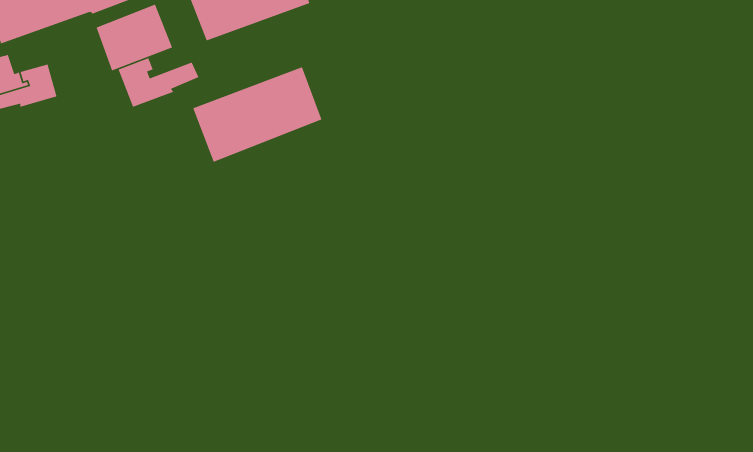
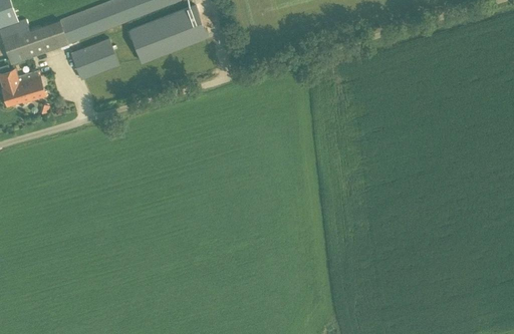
building: [118,57,199,108] -> none
building: [192,66,322,163] -> none

